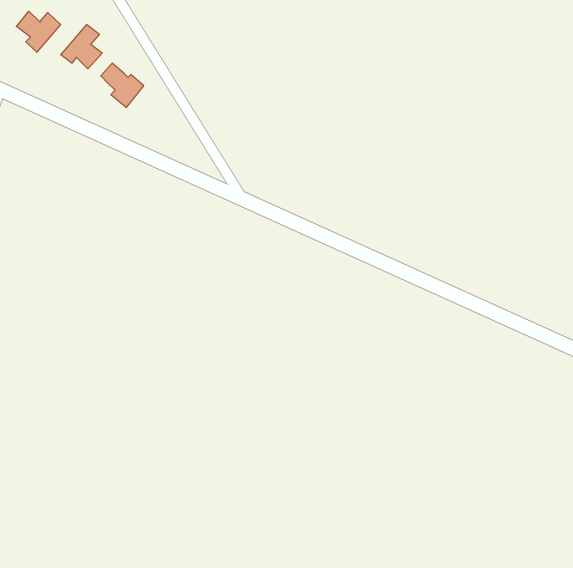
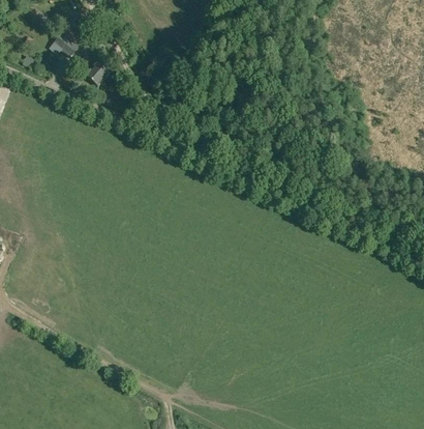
building: [16,11,61,52] -> none

